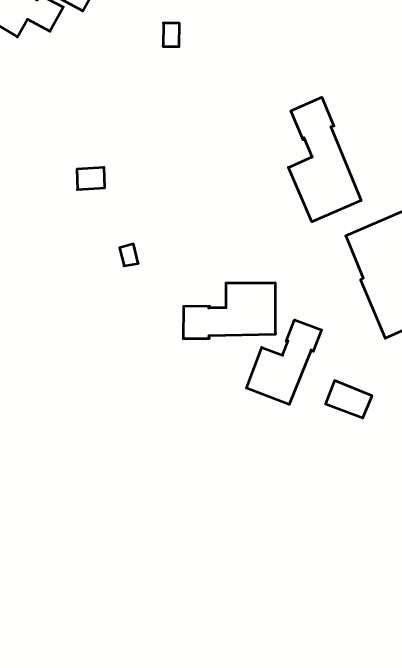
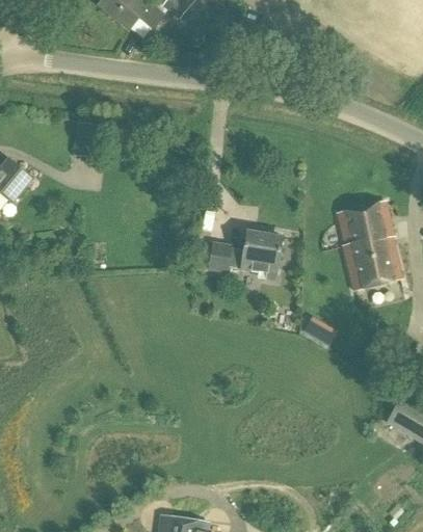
building: [288,97,361,222] -> none
building: [246,320,322,404] -> none

